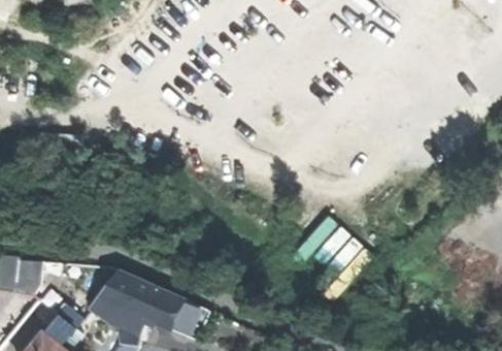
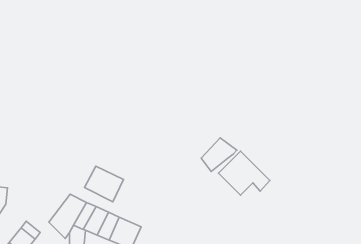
building: none -> [201,138,237,171]
building: none -> [85,166,124,202]

